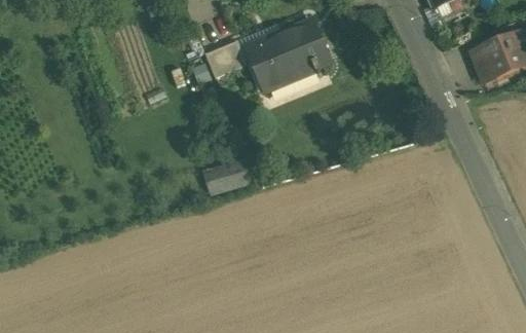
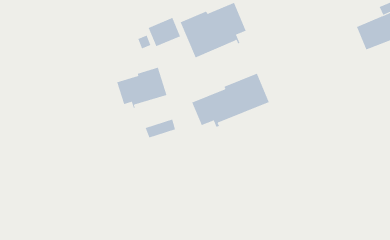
building: none -> [117,67,167,109]
building: none -> [192,73,269,127]

